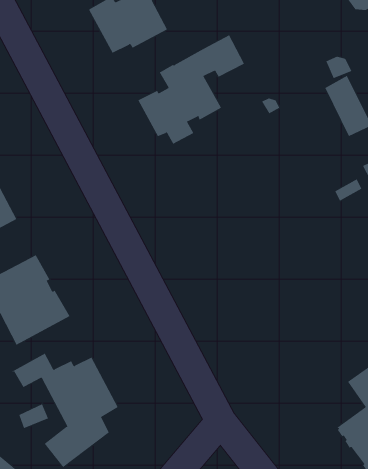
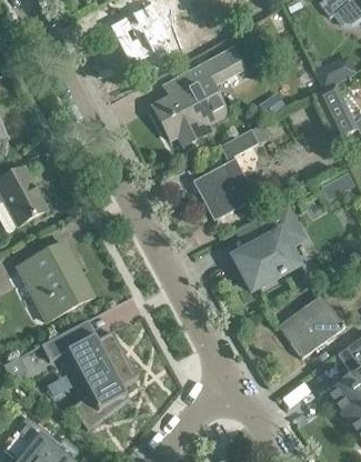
building: none -> [192,123,269,220]
building: none -> [232,209,298,290]
building: none -> [278,293,344,358]

